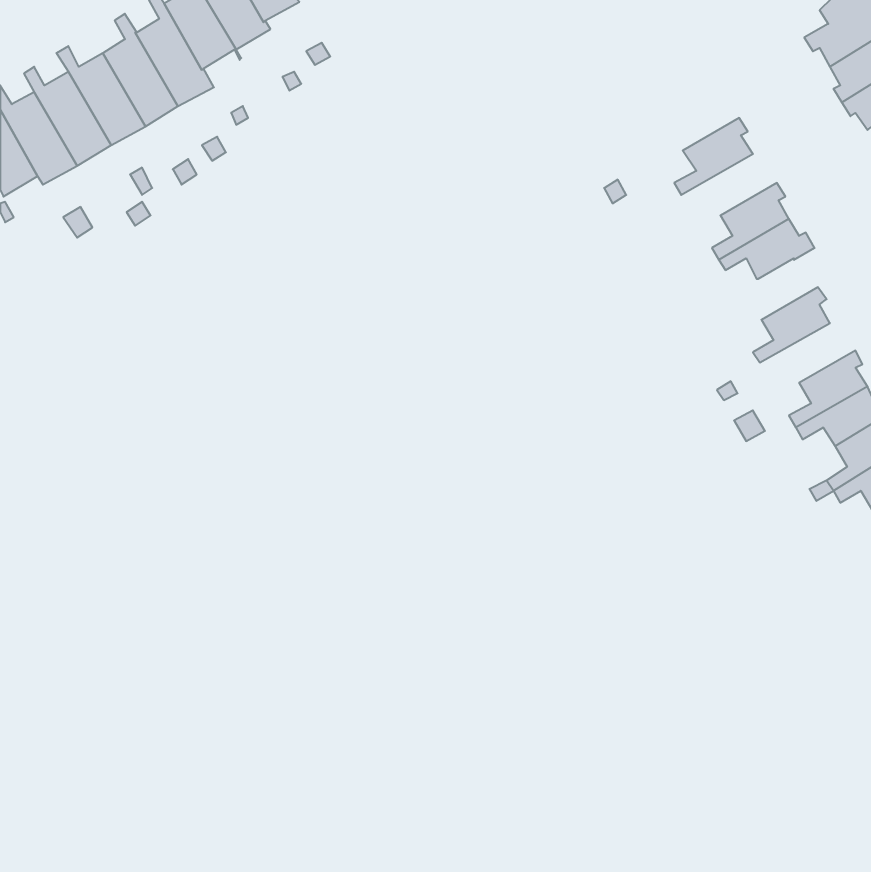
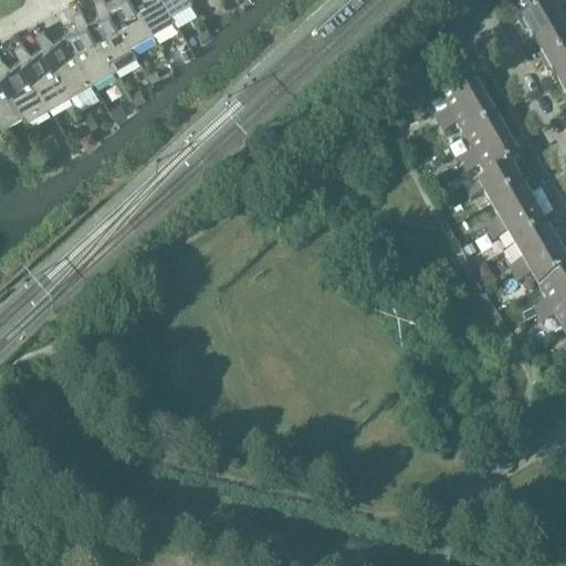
building: none -> [442,99,504,139]
building: none -> [469,167,531,207]
building: none -> [493,209,555,248]

